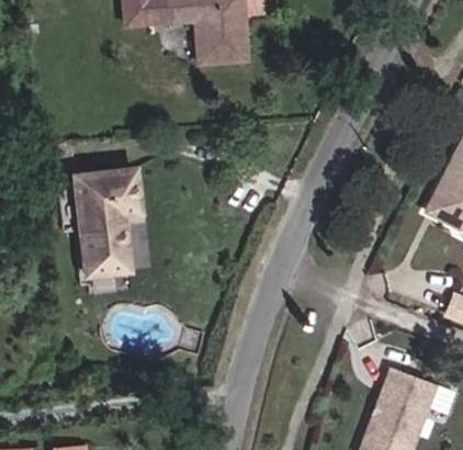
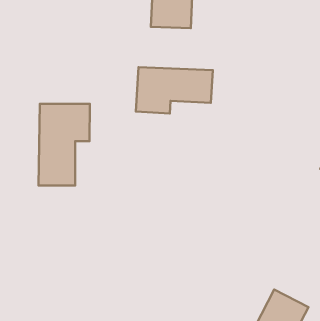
building: none -> [136,67,213,113]

